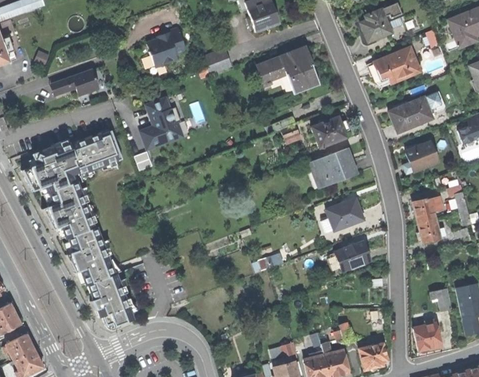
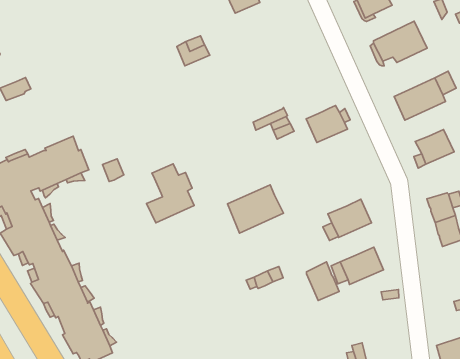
building: [147,27,186,65] -> none
building: [257,47,318,91] -> none
building: [72,69,99,95] -> none
building: [141,98,182,148] -> [147,164,194,223]
building: [310,148,358,188] -> [227,185,284,233]
building: none -> [306,262,339,301]

